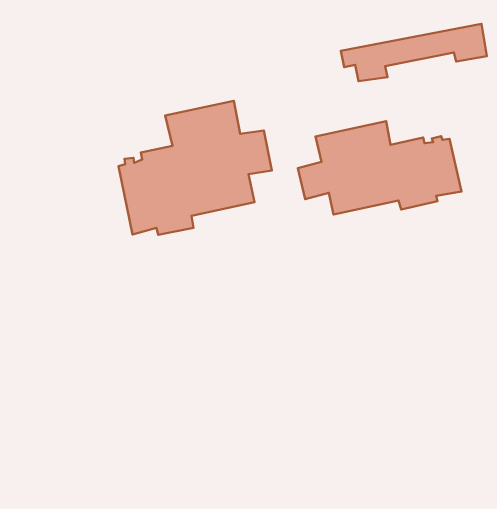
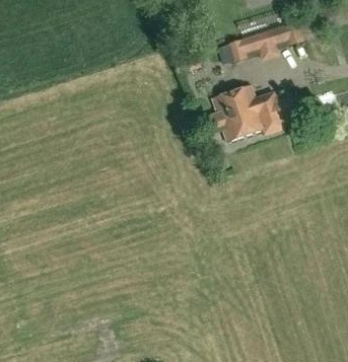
building: [118,101,272,235] -> none

